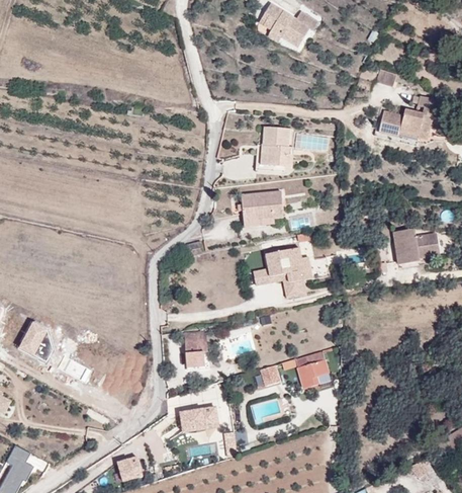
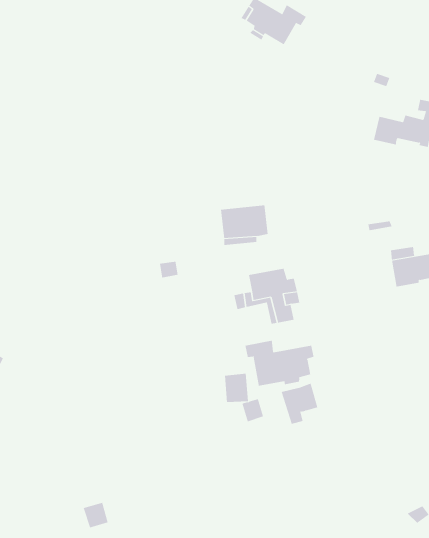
building: [256,126,292,170] -> none
building: none -> [245,340,314,387]
building: [185,340,207,366] -> [224,373,249,402]
building: [180,407,217,431] -> none

